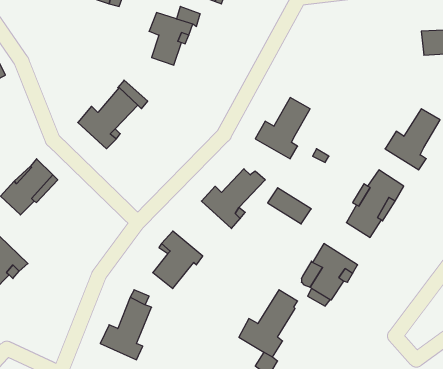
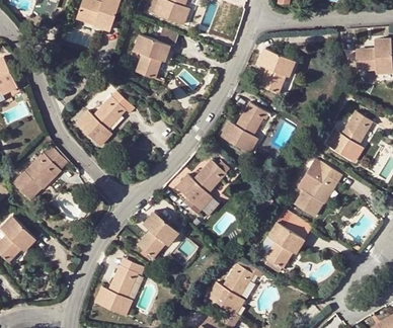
building: none -> [259,48,295,92]
building: [268,188,311,224] -> [277,209,312,238]

